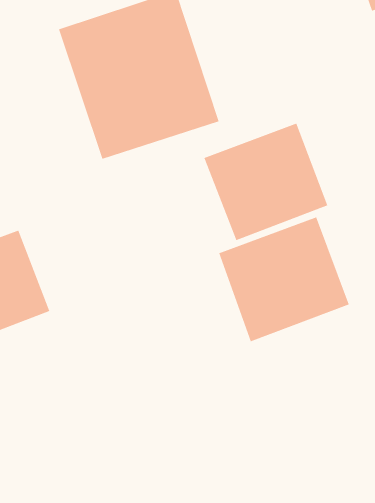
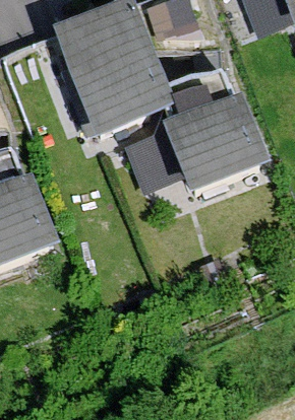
building: [218,217,350,342] -> none

